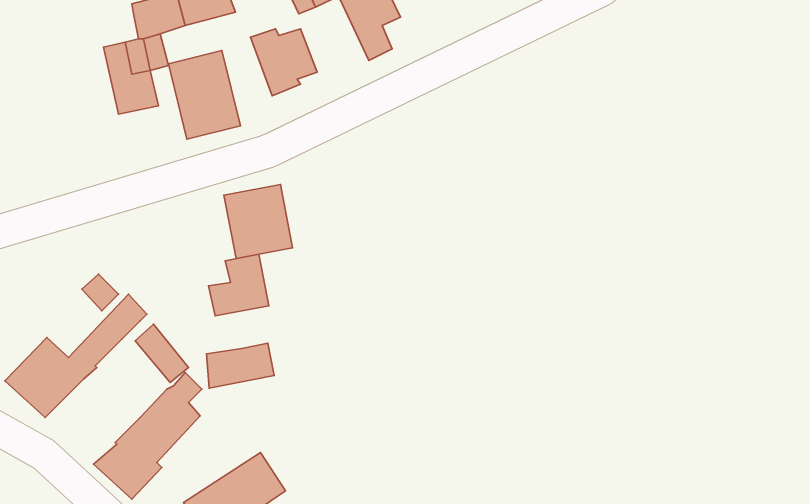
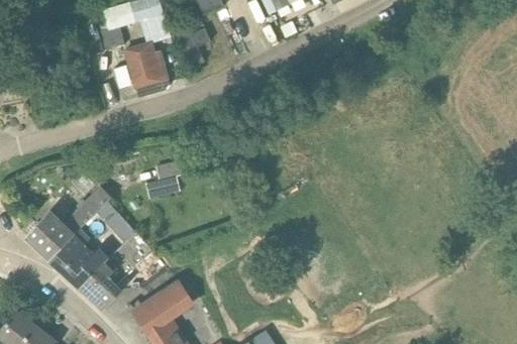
building: [224,185,293,258] -> none
building: [207,343,274,388] -> none
building: none -> [47,237,106,289]

